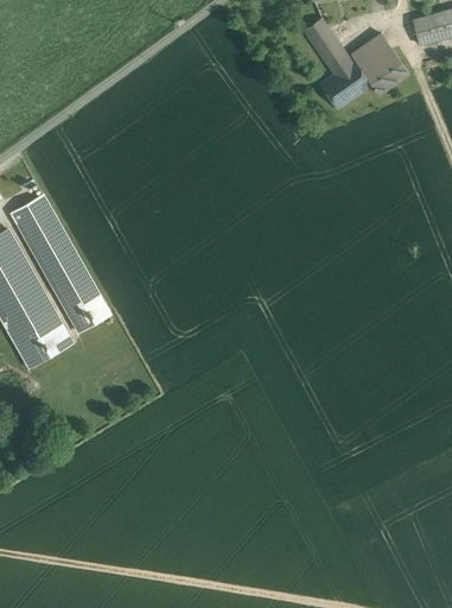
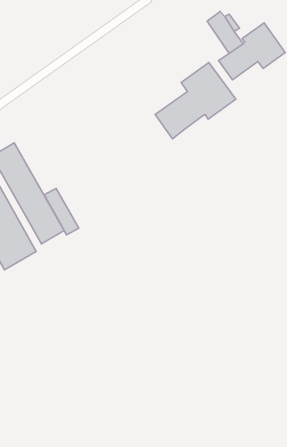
building: none -> [155,62,236,139]
building: none -> [44,188,79,235]

